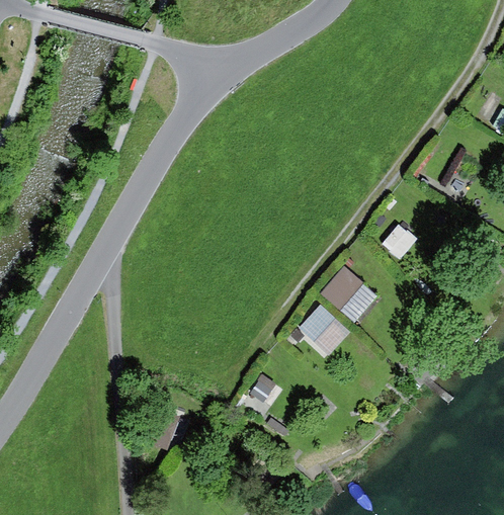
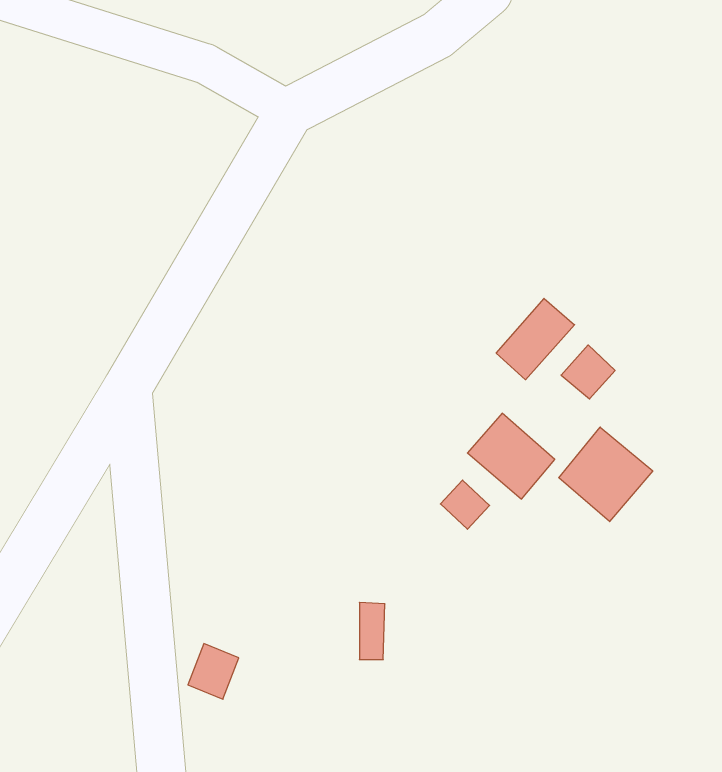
building: none -> [496,298,575,380]
building: none -> [559,427,653,522]

